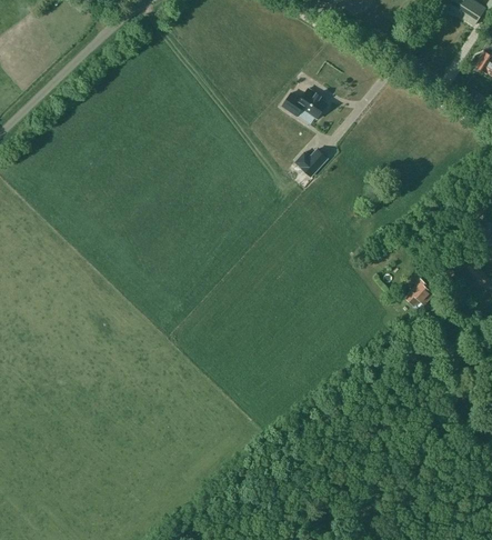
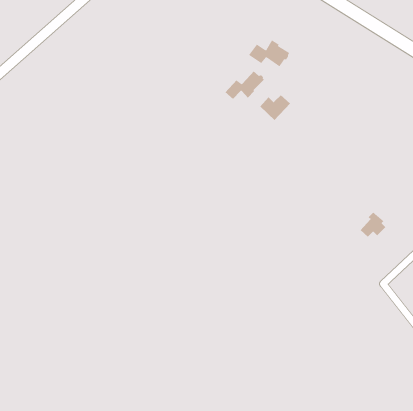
building: none -> [224,70,264,100]

